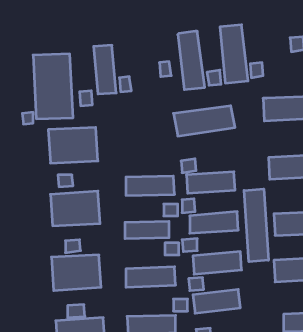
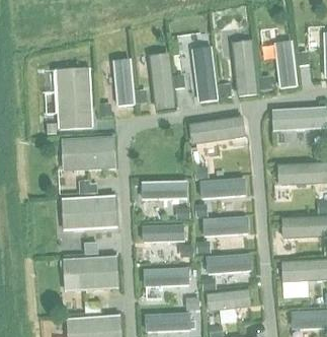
building: none -> [274,40,297,87]
building: none -> [148,53,175,108]
building: [244,189,268,262] -> none

